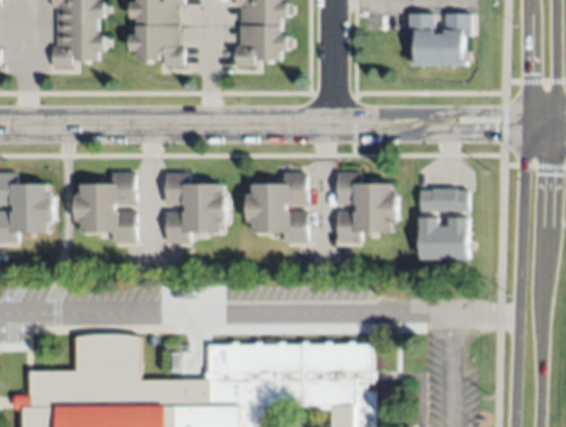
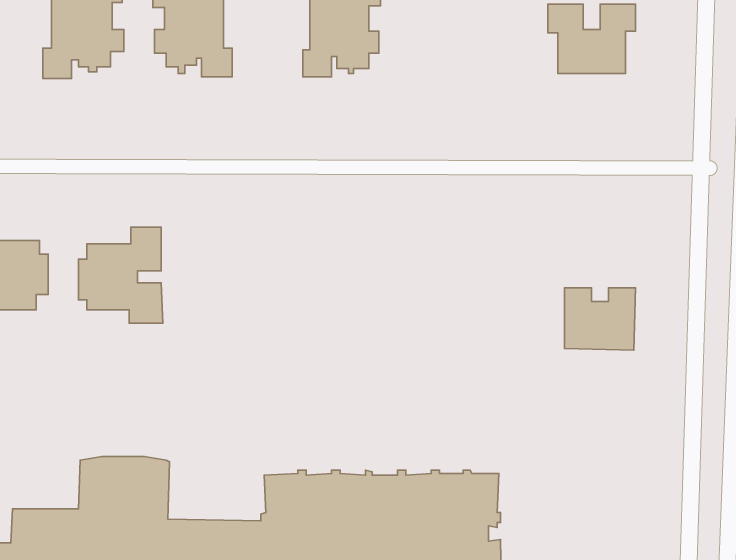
building: [246,172,307,241] -> none
building: [336,172,398,242] -> none
building: [164,173,226,242] -> none
building: [420,186,469,210] -> none

